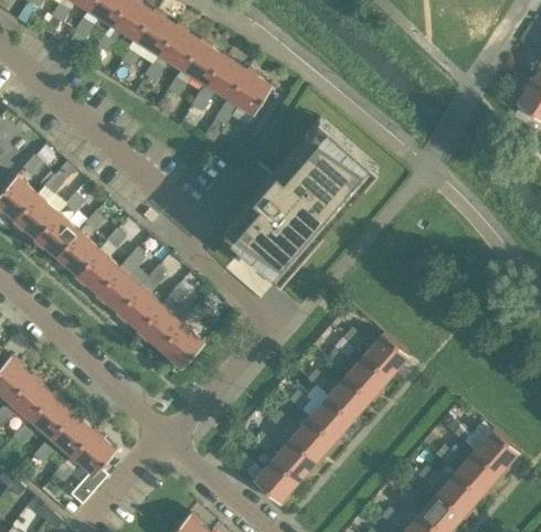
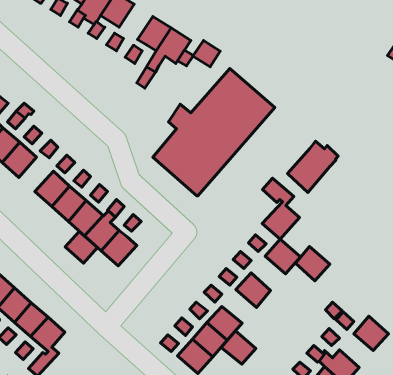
building: [181,40,223,84] -> none
building: none -> [193,40,220,67]
building: none -> [287,141,338,192]
building: [56,231,99,274] -> none
building: none -> [262,178,299,239]
building: none -> [65,232,97,263]
building: [346,354,389,397] -> [295,246,330,281]
building: [309,396,352,438] -> [221,331,256,364]
building: [456,451,498,493] -> none

